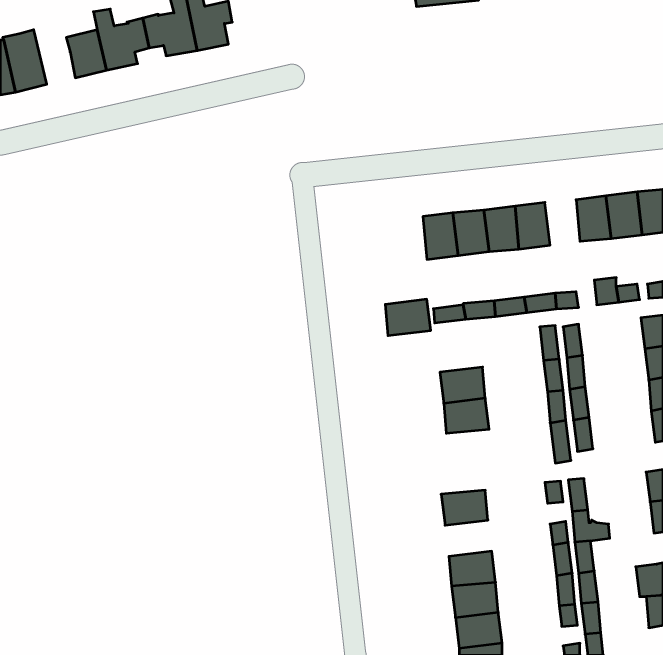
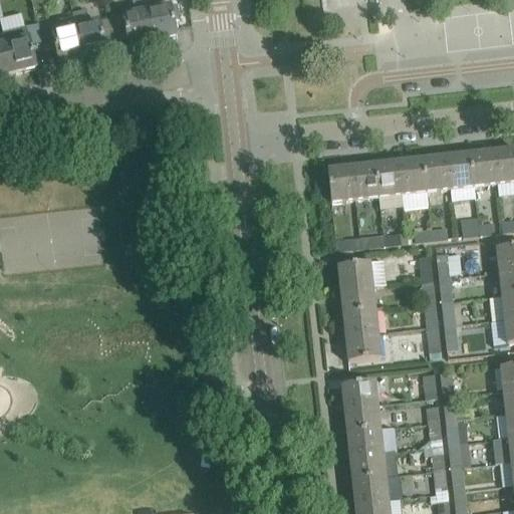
building: none -> [422,155,449,190]
building: [385,299,431,336] -> [338,260,373,288]
building: none -> [345,332,381,359]
building: none -> [344,403,380,431]

